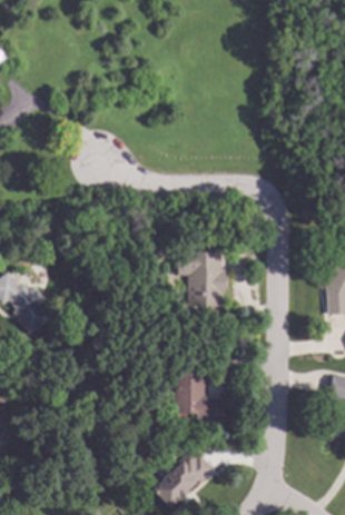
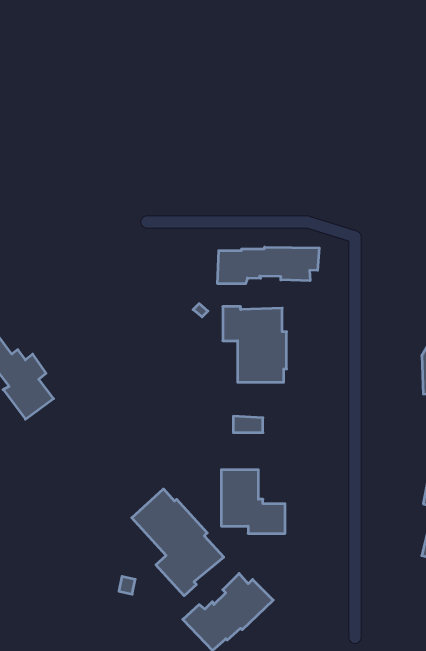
building: none -> [218,247,319,284]
building: none -> [132,489,224,596]

